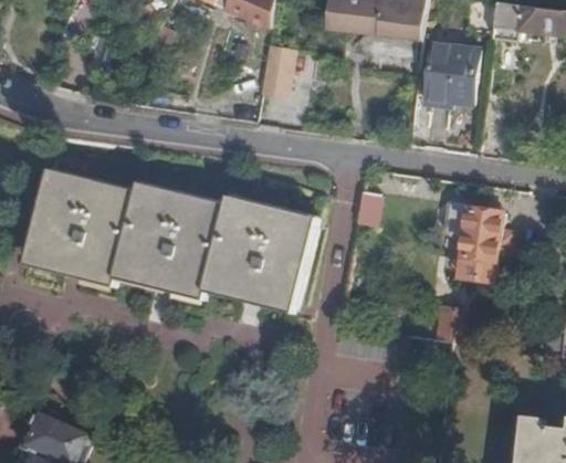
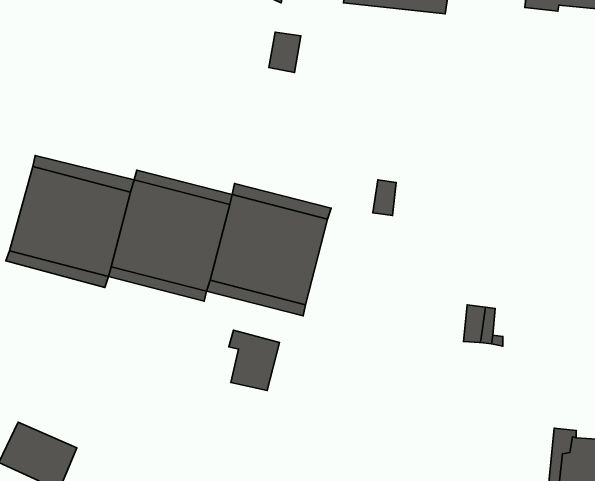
building: [422,43,478,107] -> none
building: [444,199,502,276] -> none
building: none -> [229,330,279,390]

